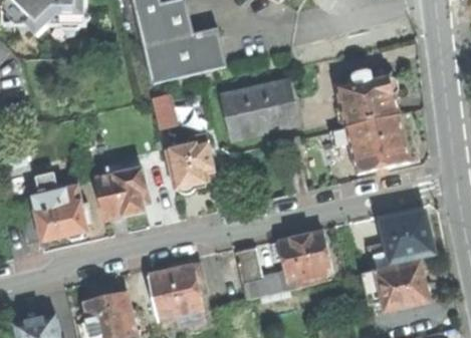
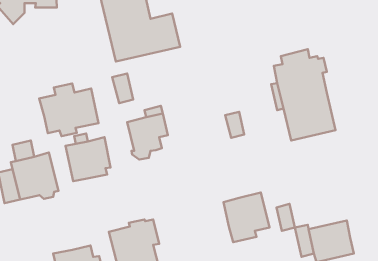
building: [219,79,295,138] -> none
building: none -> [39,84,98,136]
building: [380,212,433,262] -> none
building: [233,244,289,298] -> none

